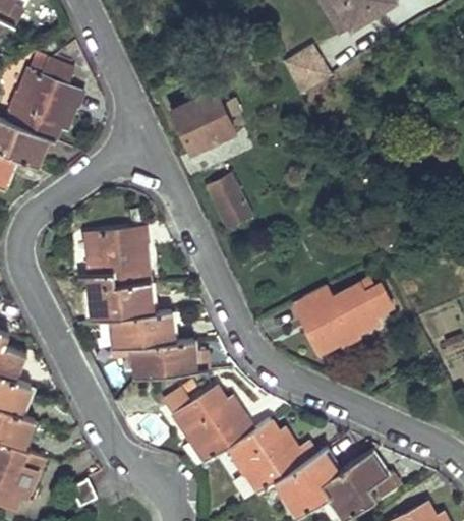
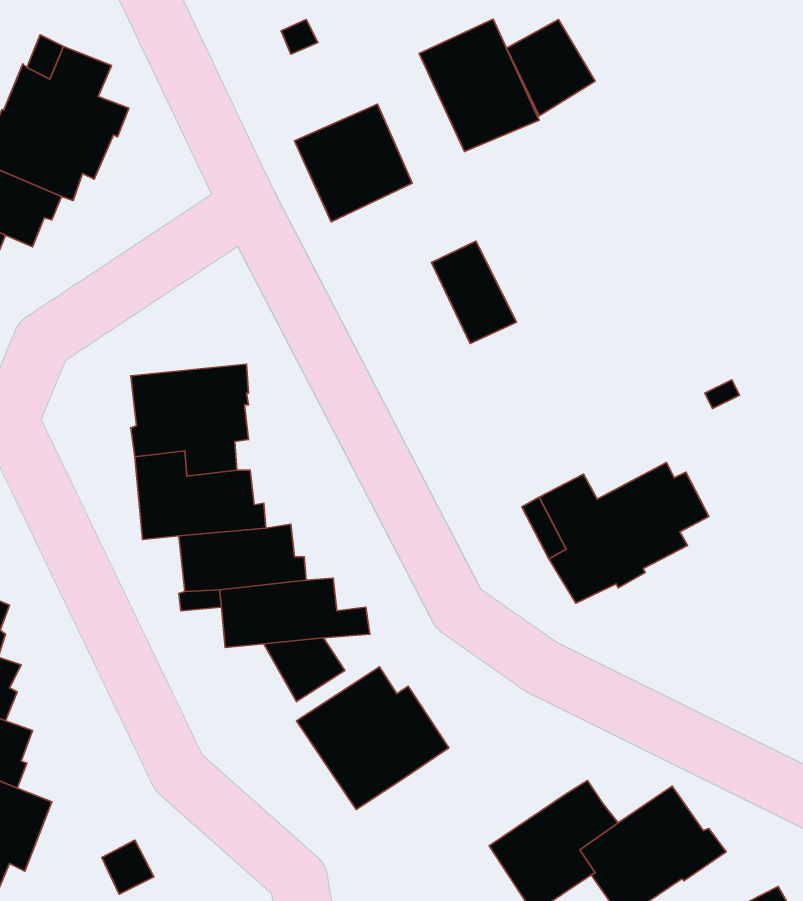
building: none -> [419,19,539,152]
building: [208,175,252,229] -> [432,241,516,343]
building: [228,419,315,493] -> none

